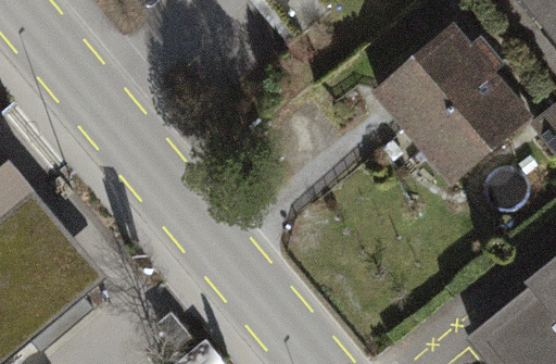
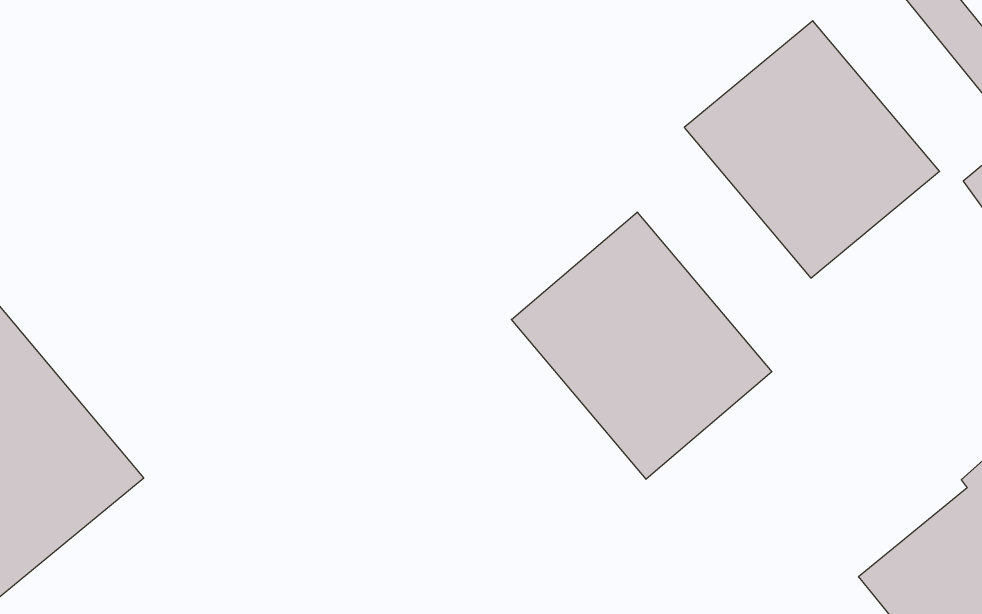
building: none -> [511,212,772,479]

